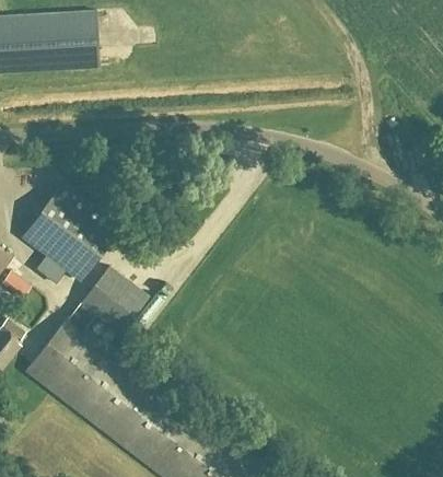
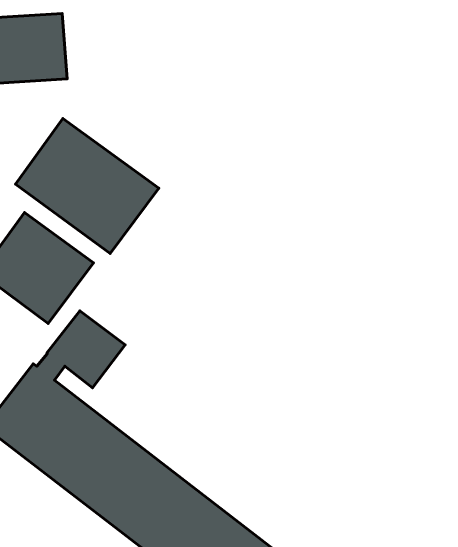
building: none -> [15,118,159,253]

